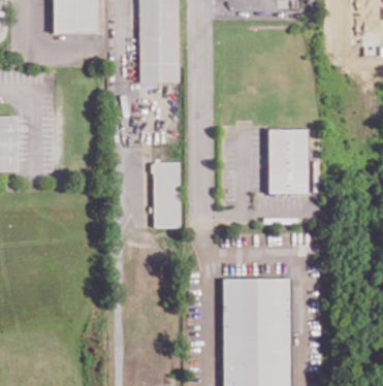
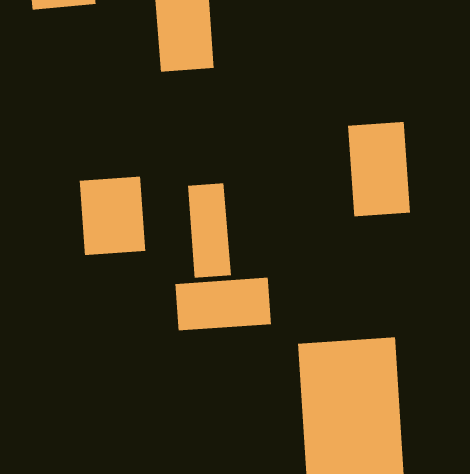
building: none -> [79,176,146,256]
building: none -> [175,277,271,331]

